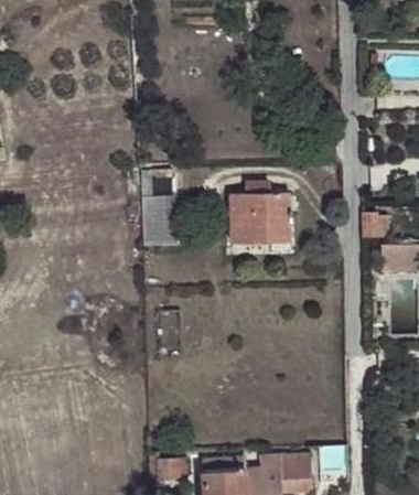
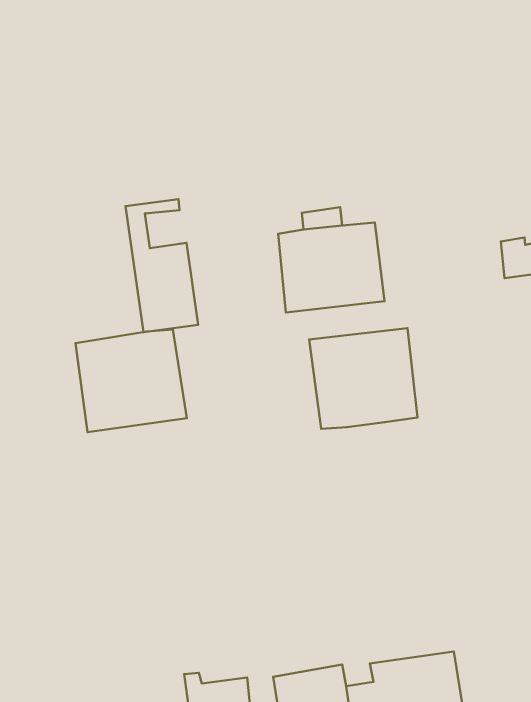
building: none -> [75,330,187,432]
building: none -> [309,328,417,429]

